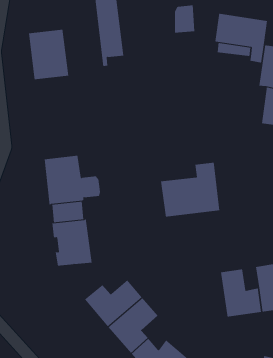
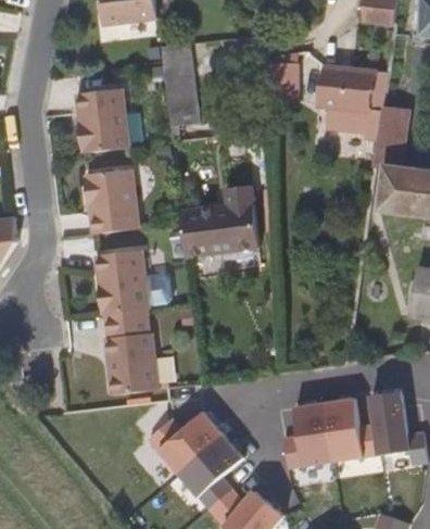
building: none -> [85,171,138,236]
building: [160,162,220,217] -> [180,185,258,256]
building: none -> [283,404,333,470]

